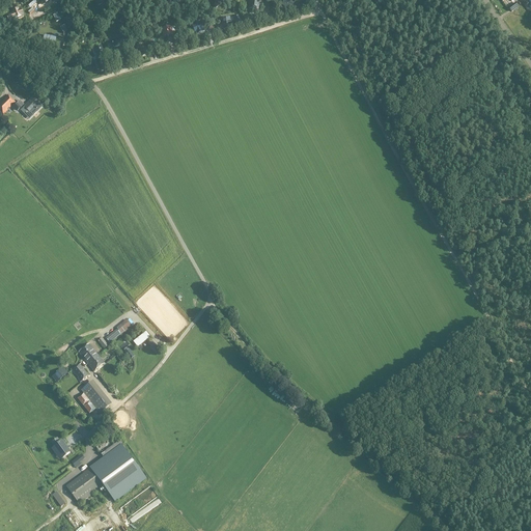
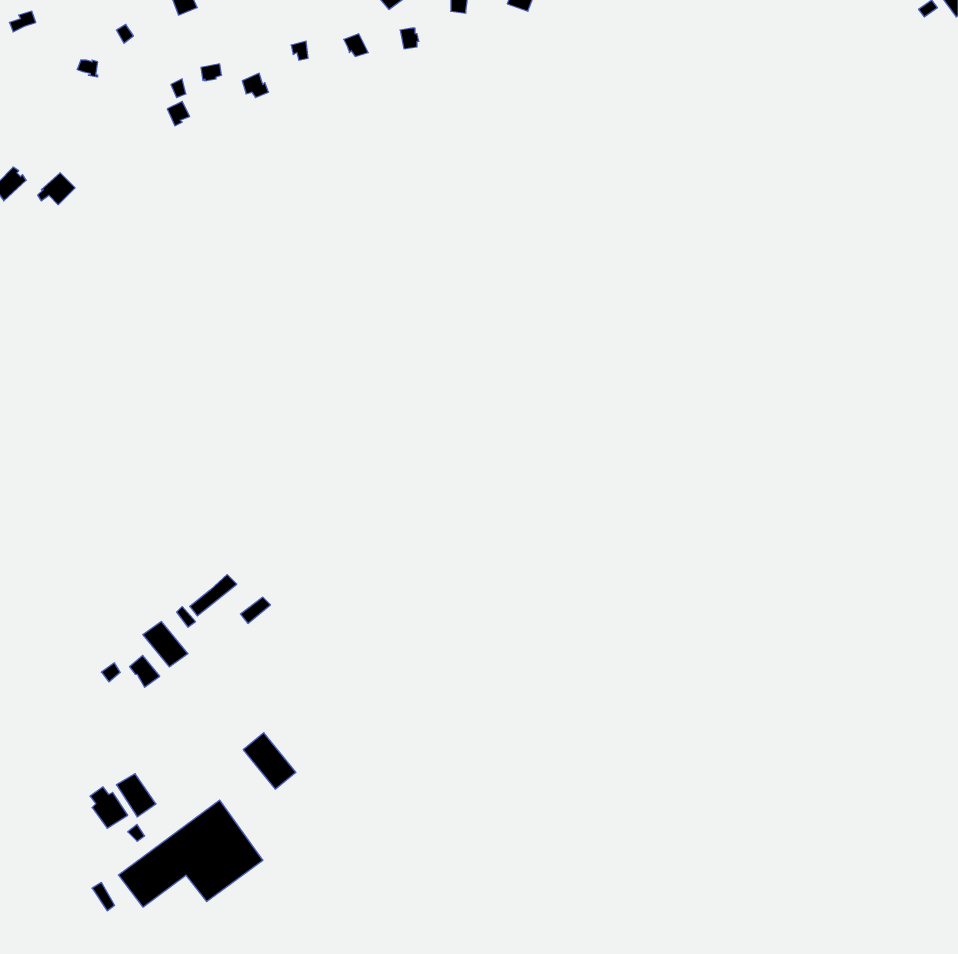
building: [81,379,110,410] -> [243,733,296,789]

